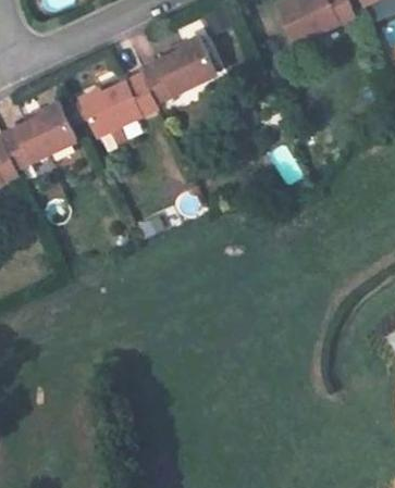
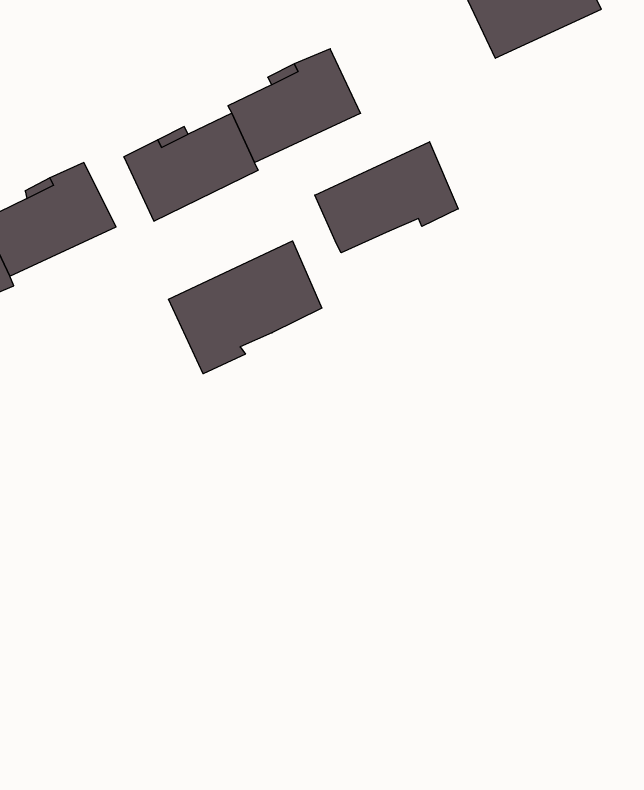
building: none -> [315,142,458,253]
building: none -> [168,241,322,374]

